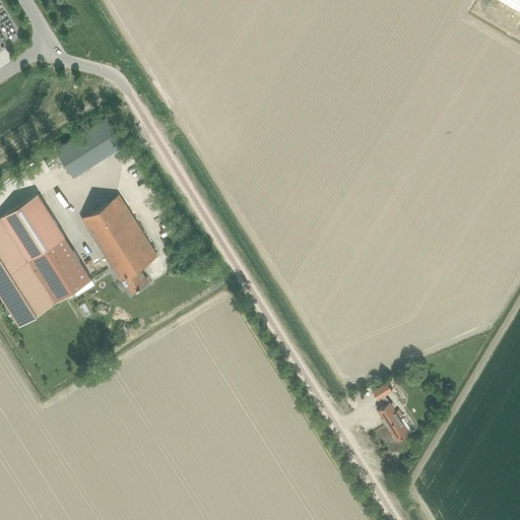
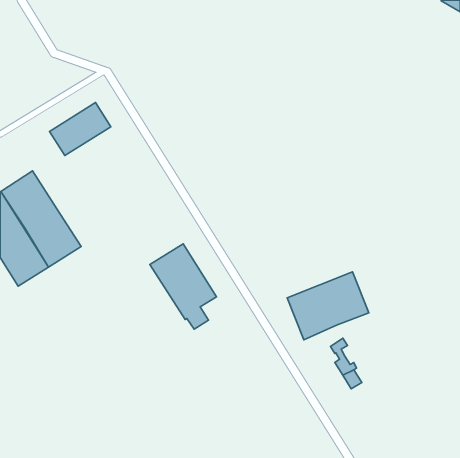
building: [81,197,156,294] -> [150,244,217,329]
building: none -> [287,272,369,340]

